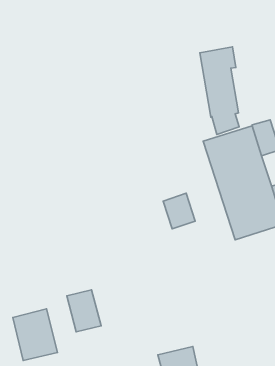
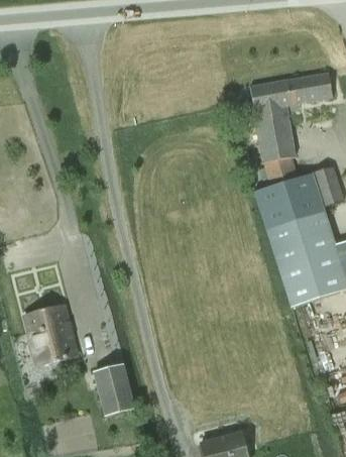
building: none -> [287,72,333,103]
building: [163,193,195,229] -> none
building: [13,309,58,360] -> [24,304,77,364]

